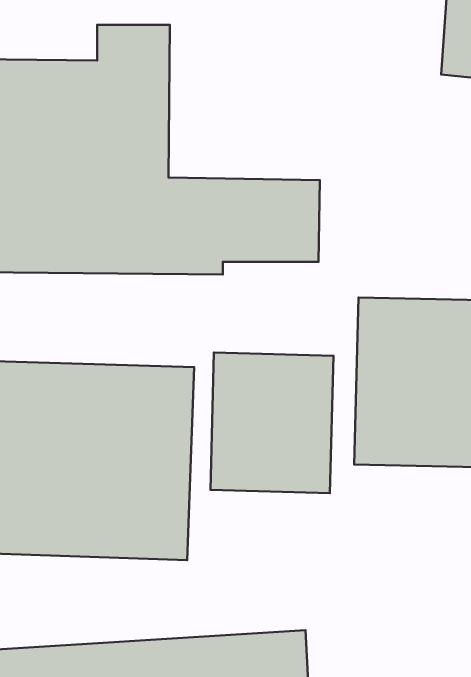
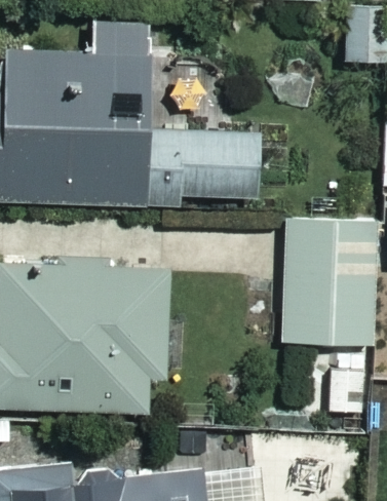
building: [210,353,333,493] -> none

